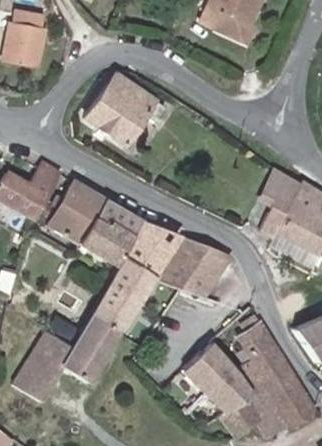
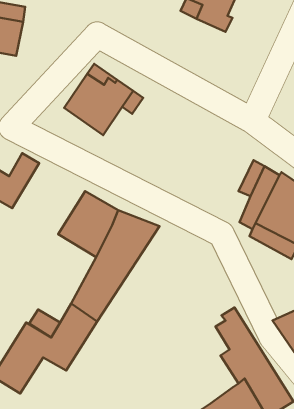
building: [49,180,107,243] -> none
building: [158,236,231,295] -> none
building: [188,341,254,412] -> none

